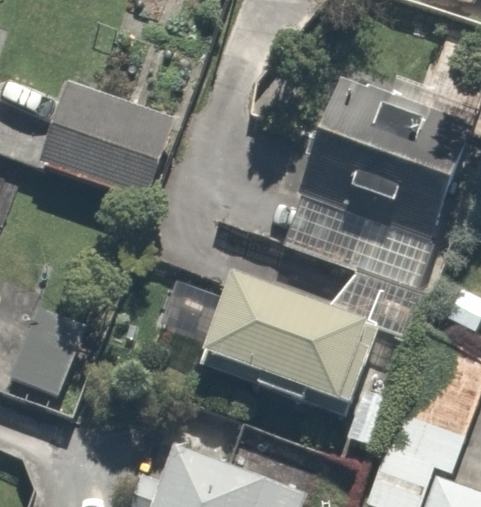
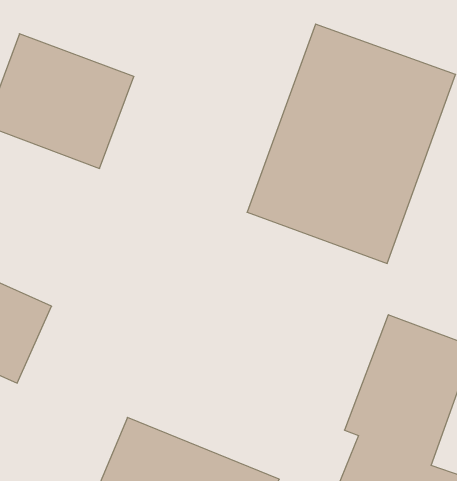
building: [191,267,367,415] -> none

